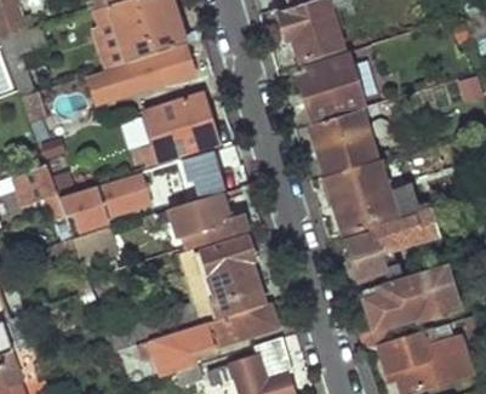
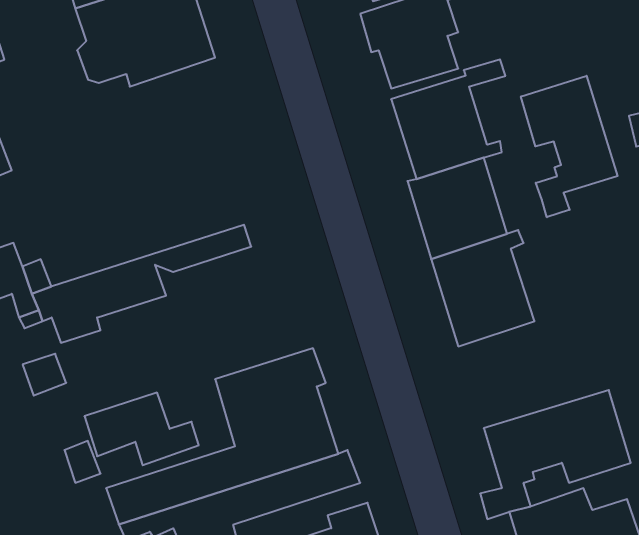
building: [108,45,190,96] -> none
building: none -> [521,76,618,217]
building: [144,92,217,161] -> none
building: [168,194,245,242] -> [84,393,199,465]
building: [343,210,435,284] -> none

